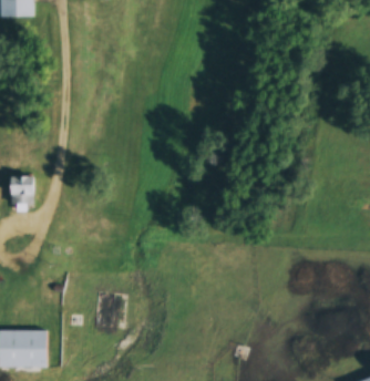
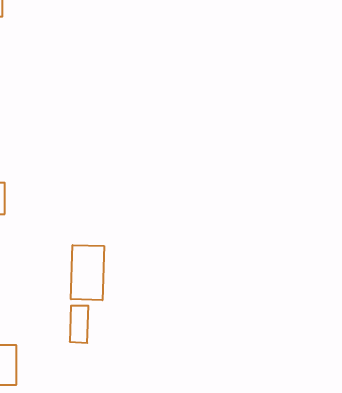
building: none -> [71,245,104,300]

